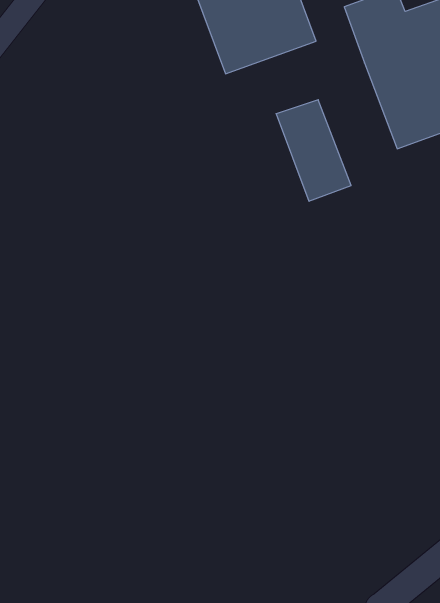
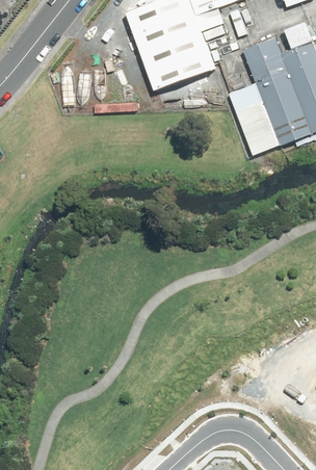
building: [276,100,351,201] -> [226,86,275,154]

